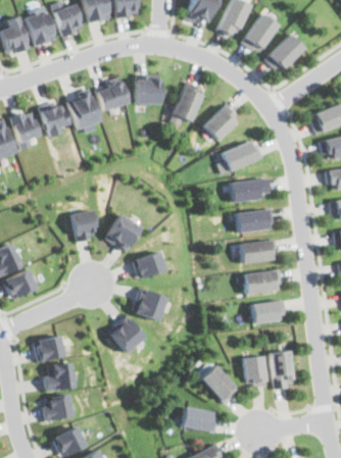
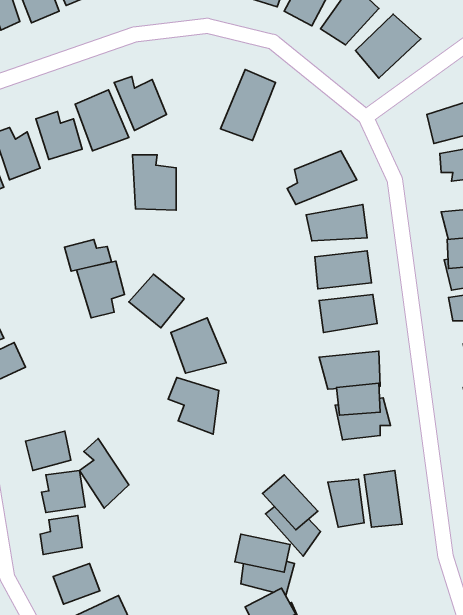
building: [133,72,163,111] -> [132,155,176,210]
building: [204,98,240,133] -> none
building: none -> [64,239,111,271]
building: [113,315,148,364] -> [79,438,129,508]

